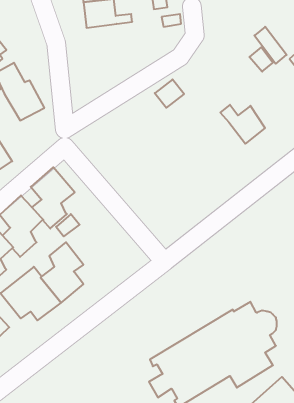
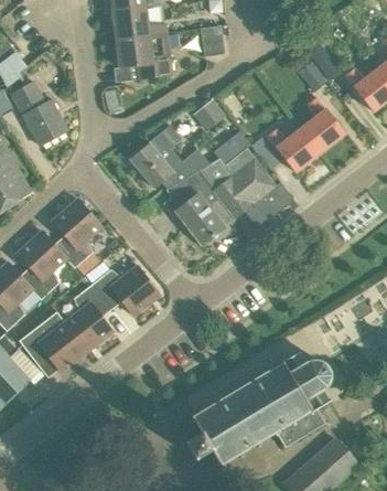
building: none -> [115,33,172,78]
building: none -> [300,97,343,153]
building: none -> [129,125,184,188]
building: none -> [165,134,293,244]
building: none -> [92,265,159,314]

